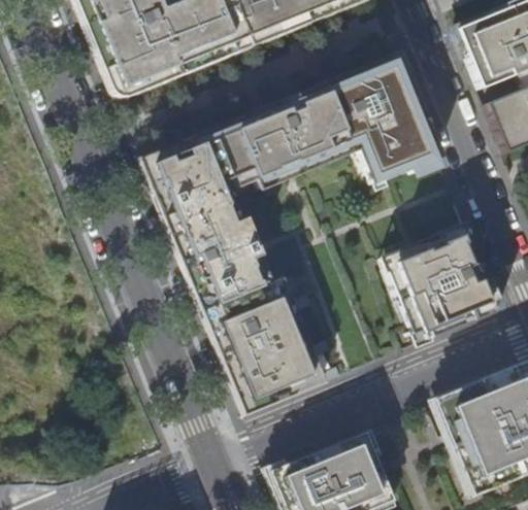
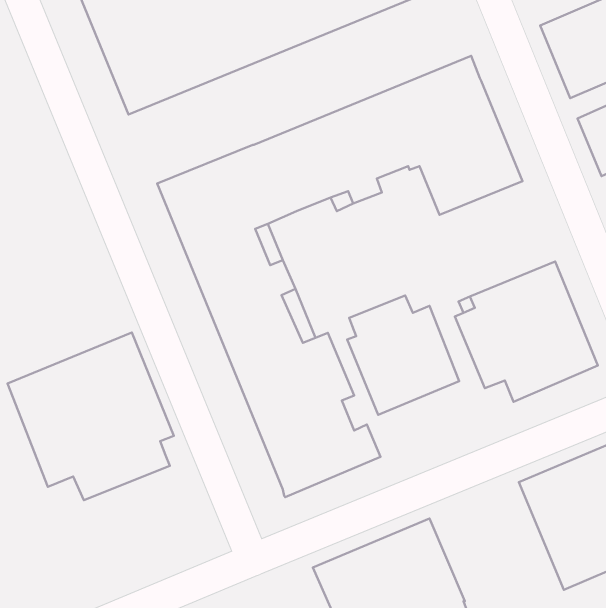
building: none -> [347,295,459,415]
building: none -> [8,333,174,500]

